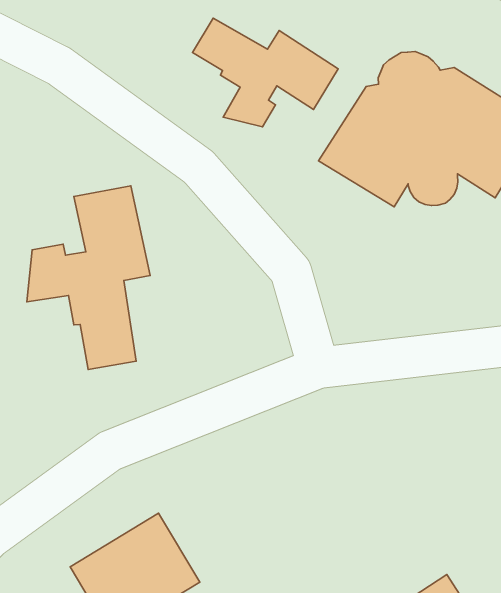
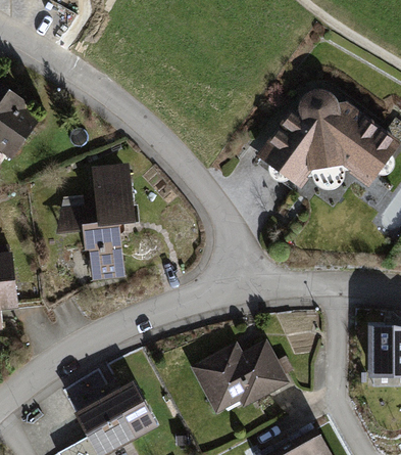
building: [193,18,338,127] -> none
building: none -> [192,342,289,411]

